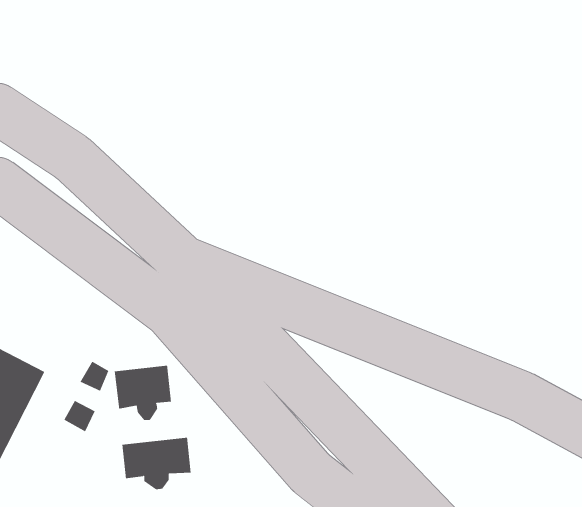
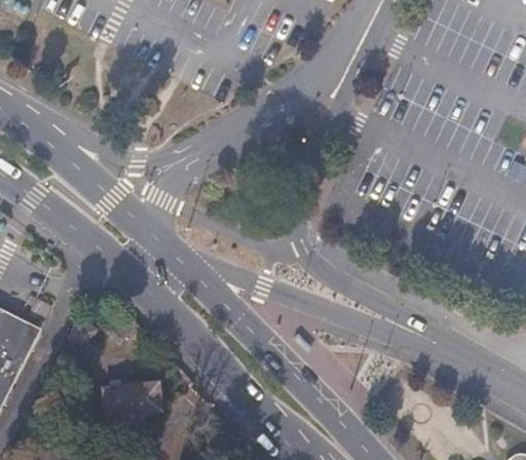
building: [114,365,172,421] -> none

